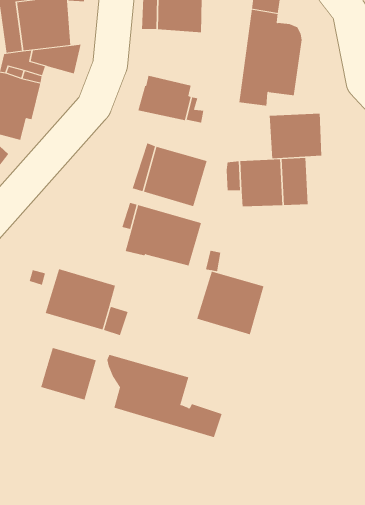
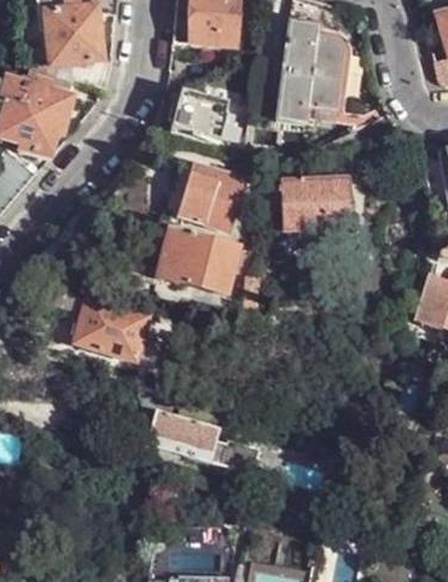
building: [269,113,322,159] -> none
building: [197,271,264,335] -> none
building: [40,347,97,401] -> none

